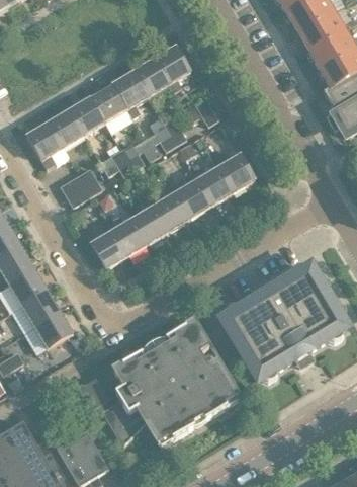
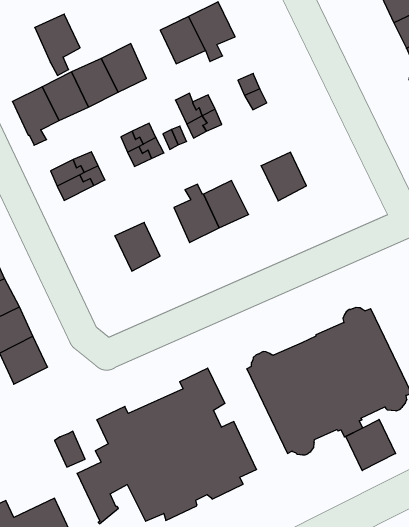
building: [112,71,148,117] -> [35,14,80,75]
building: [197,166,234,204] -> none
building: [135,204,170,241] -> none
building: [91,229,128,266] -> none
building: none -> [346,419,396,471]

